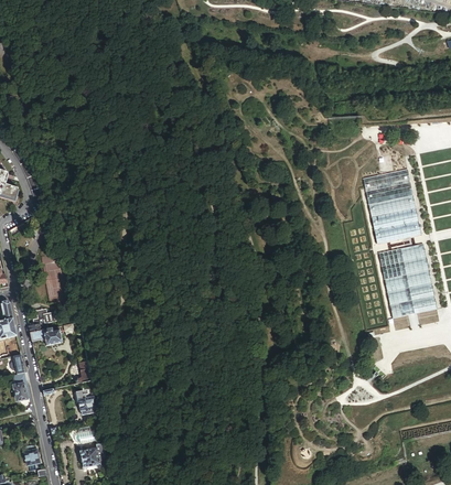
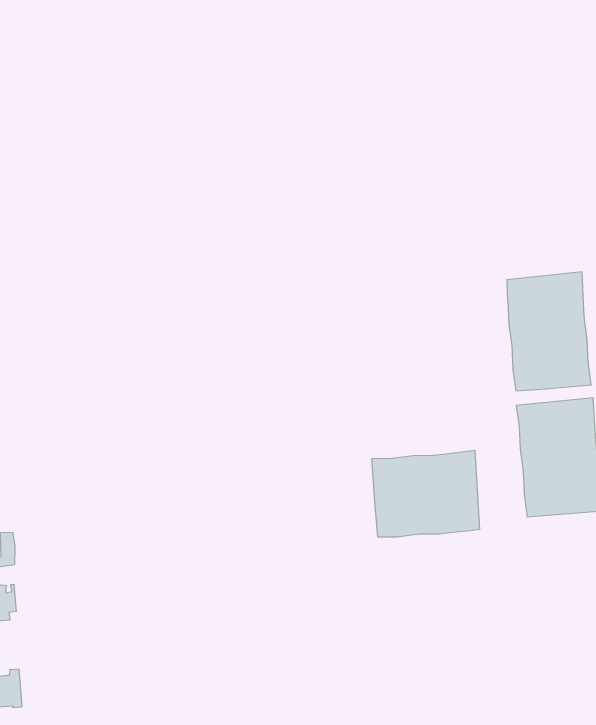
building: none -> [372,450,479,537]

